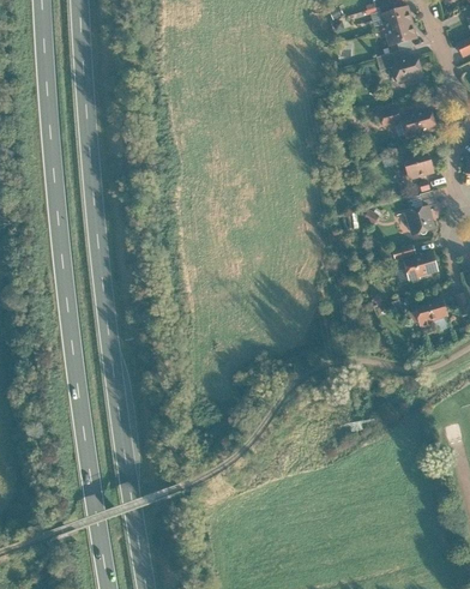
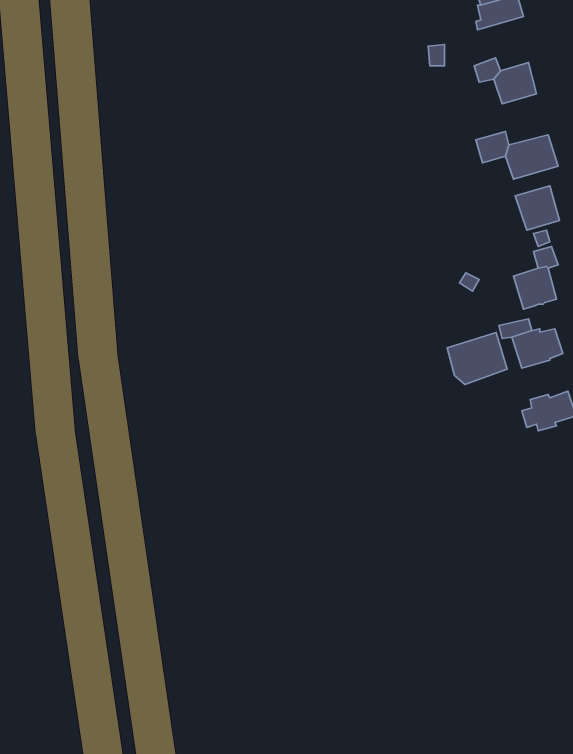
building: [378,23,416,48] -> none
building: none -> [447,332,507,385]

